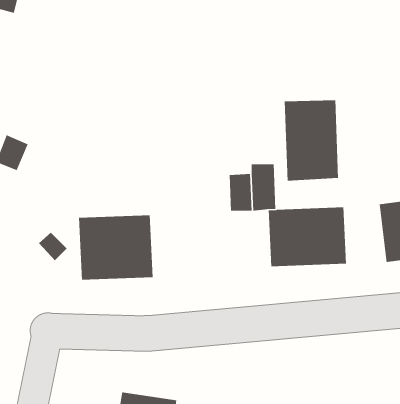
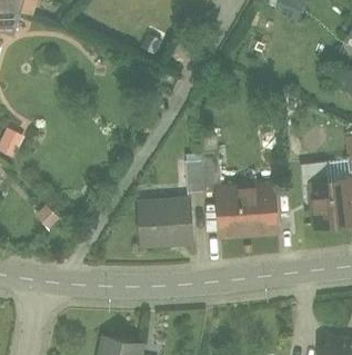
building: [284,100,339,182] -> none
building: [78,215,153,280] -> [134,197,194,249]

